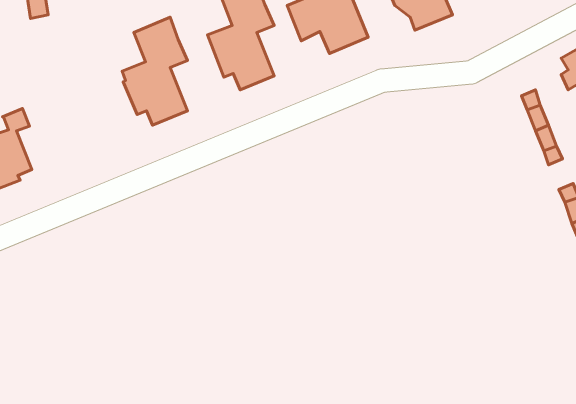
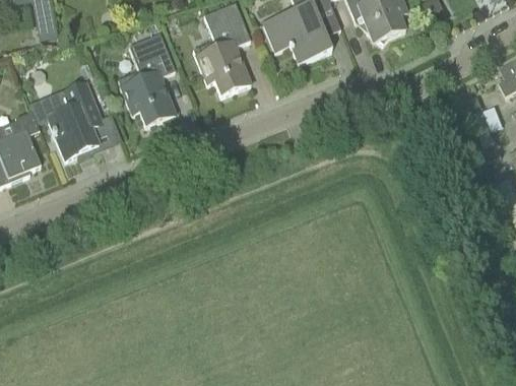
building: none -> [44,81,103,158]

